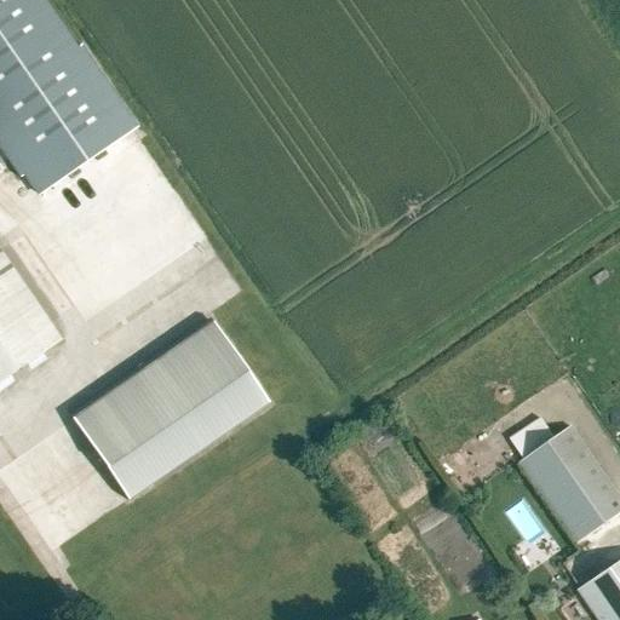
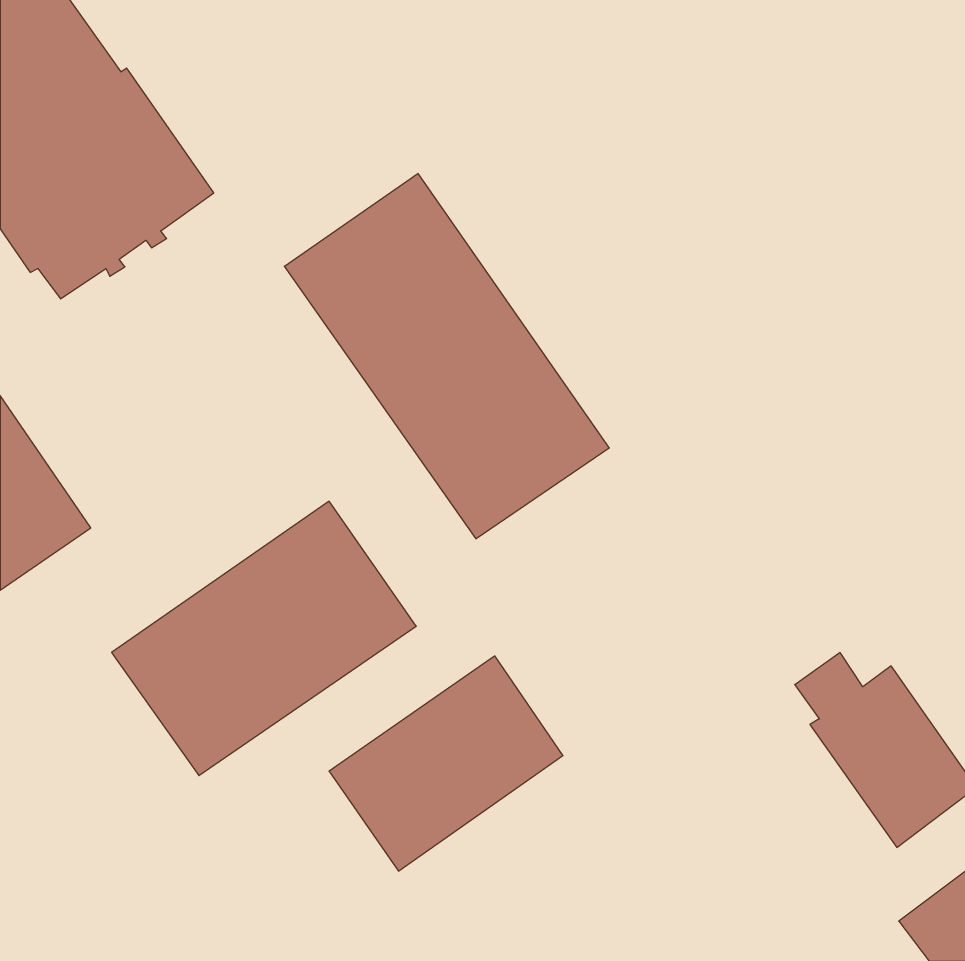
building: none -> [284,173,609,539]
building: none -> [329,656,563,871]

